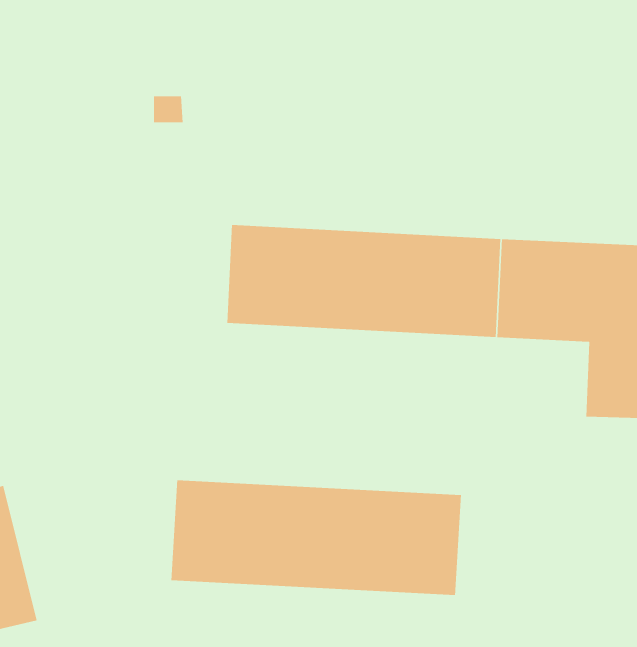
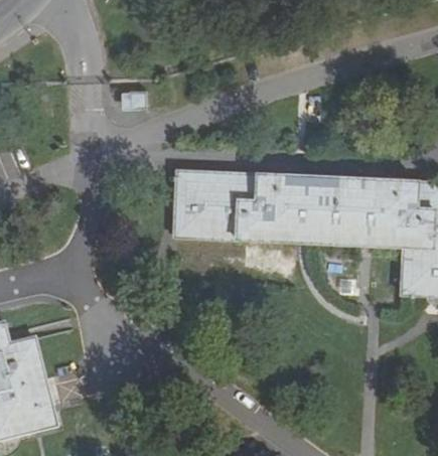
building: [171,480,461,596] -> none

